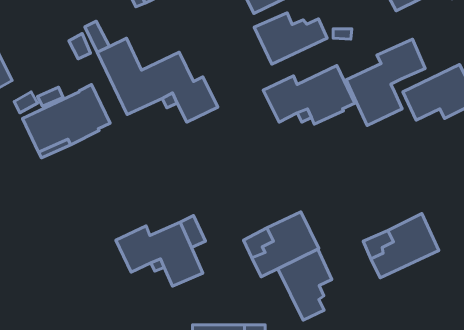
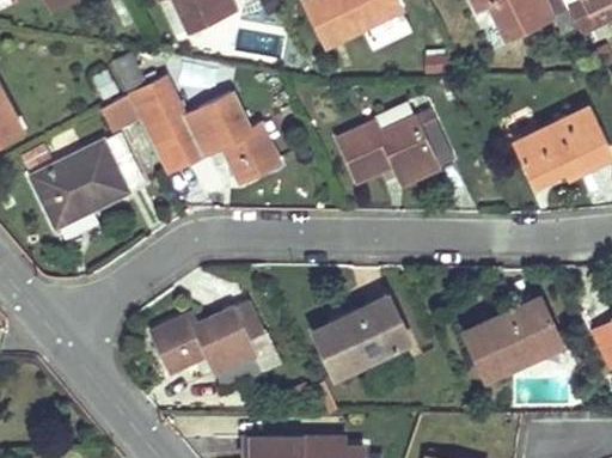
building: [254,13,327,64] -> none
building: [346,39,425,125] -> none
building: [278,249,332,320] -> none

